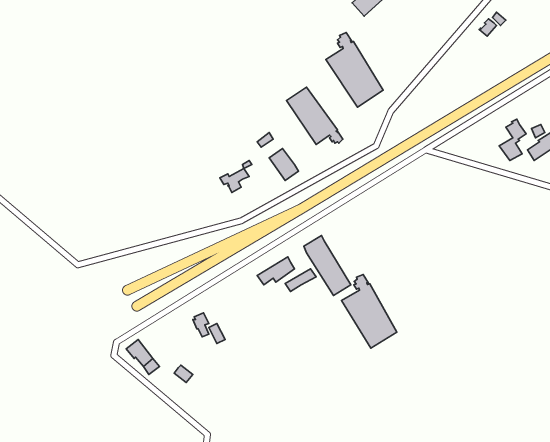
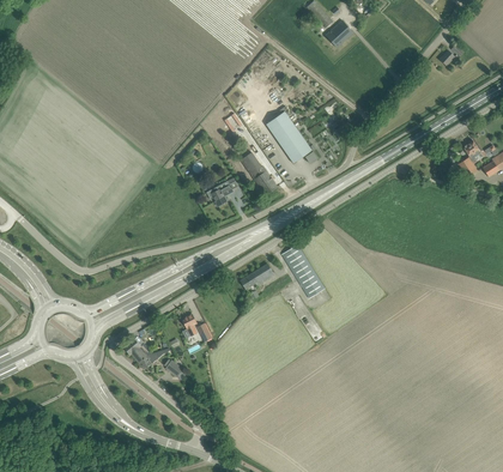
building: [326,32,383,107] -> none
building: [342,275,397,348] -> none

